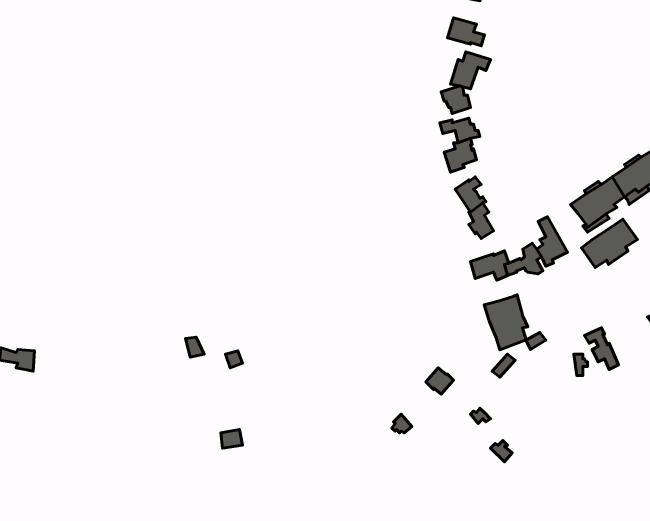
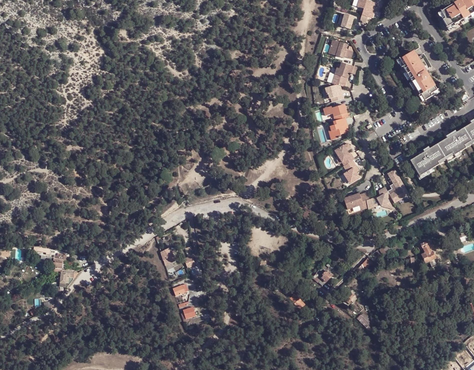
building: none -> [400,51,438,100]
building: [582,219,638,268] -> none
building: [484,295,528,350] -> none

